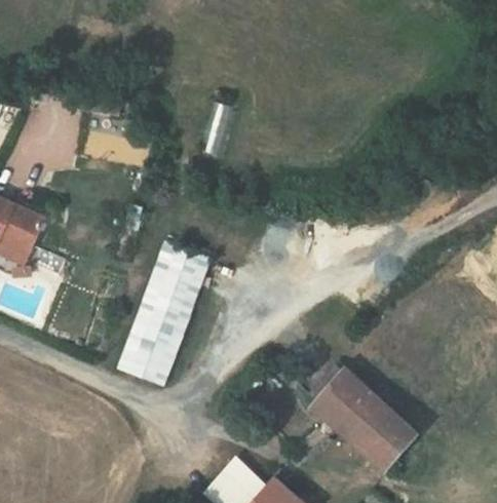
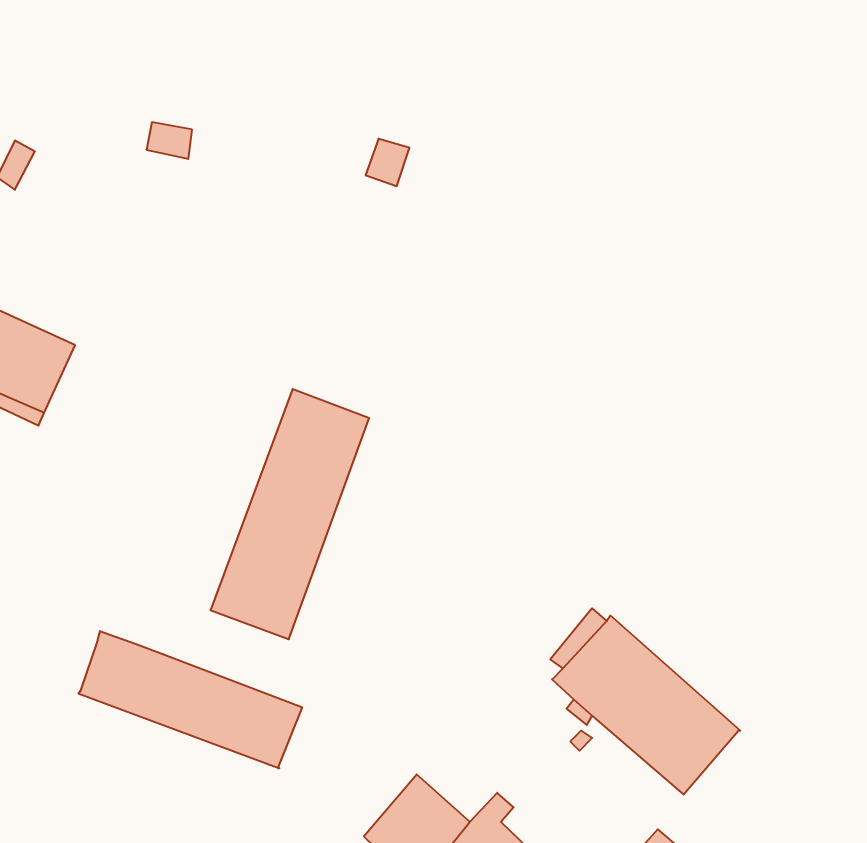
building: none -> [79,631,302,768]

